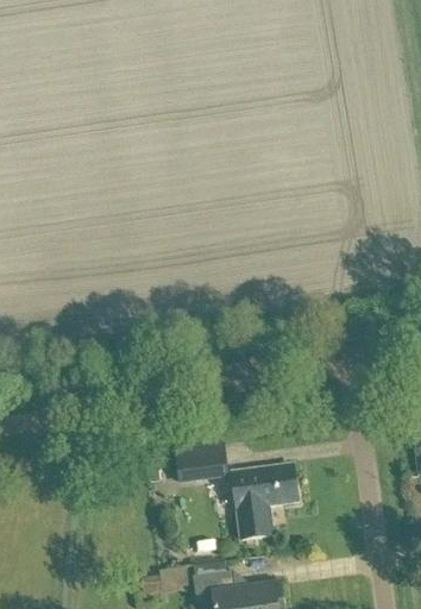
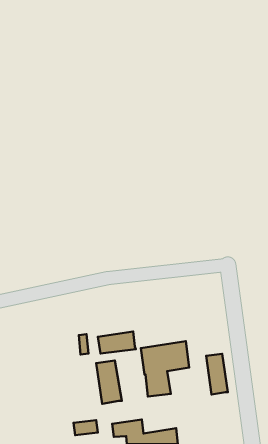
building: none -> [206,354,228,395]
building: none -> [96,361,122,404]

